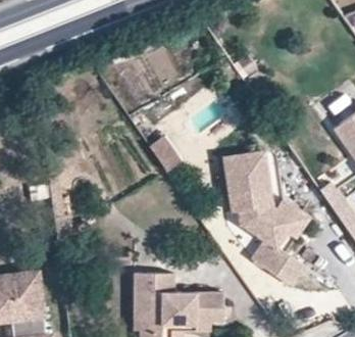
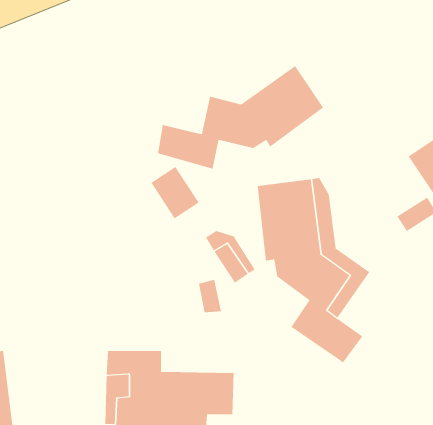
building: none -> [157,65,324,169]

